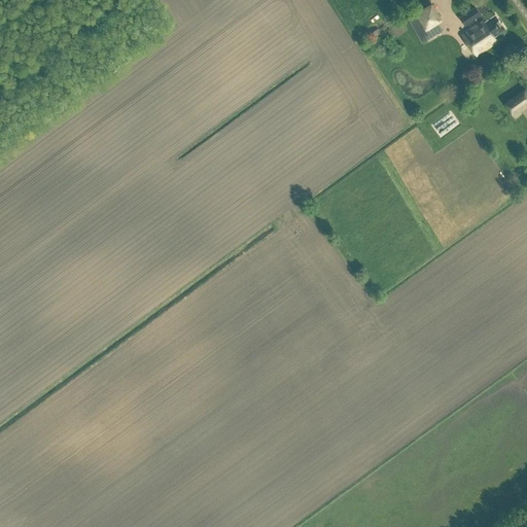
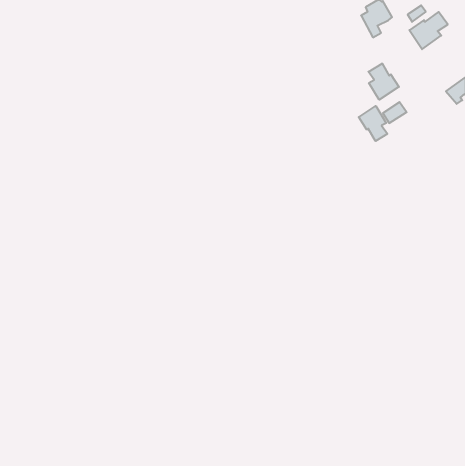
building: none -> [368,63,399,100]
building: none -> [359,106,387,141]

